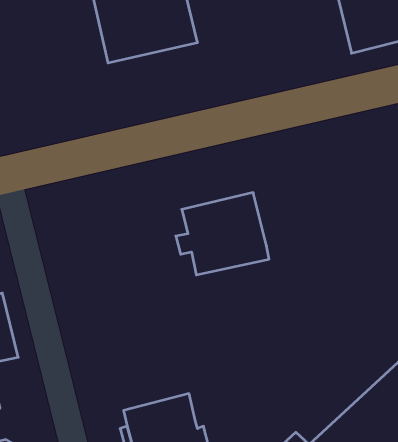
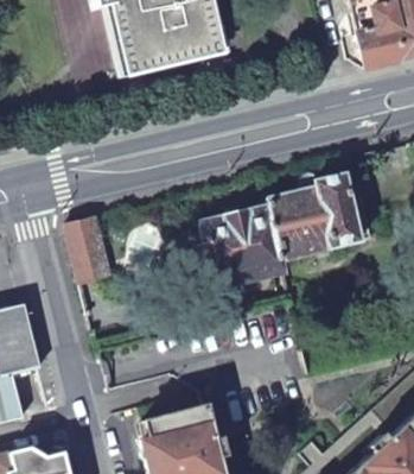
building: none -> [269,170,362,258]
building: none -> [66,216,110,282]

